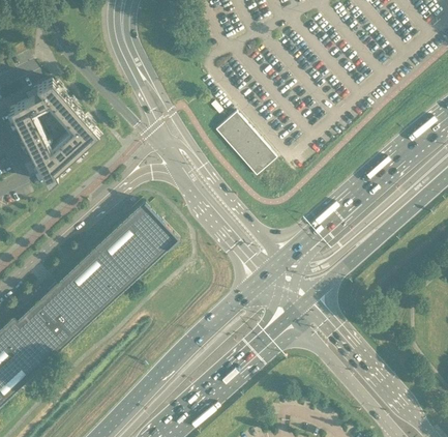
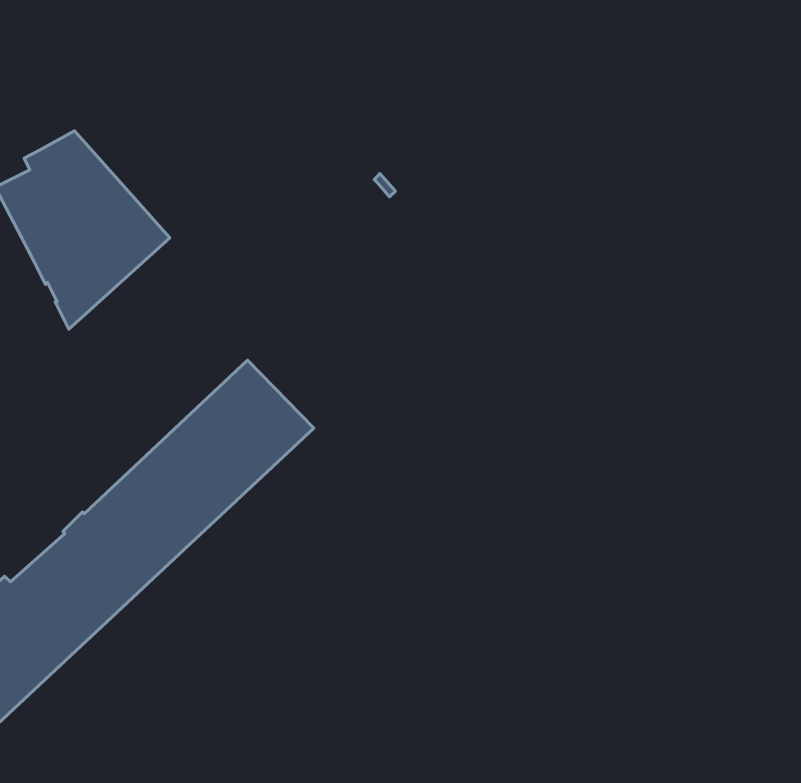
building: [213,113,275,178] -> none

